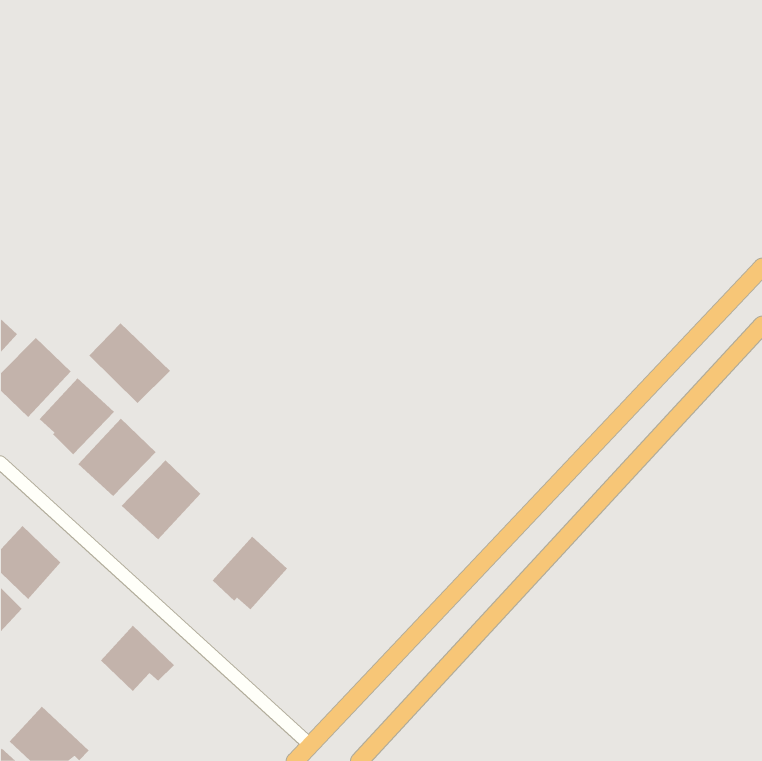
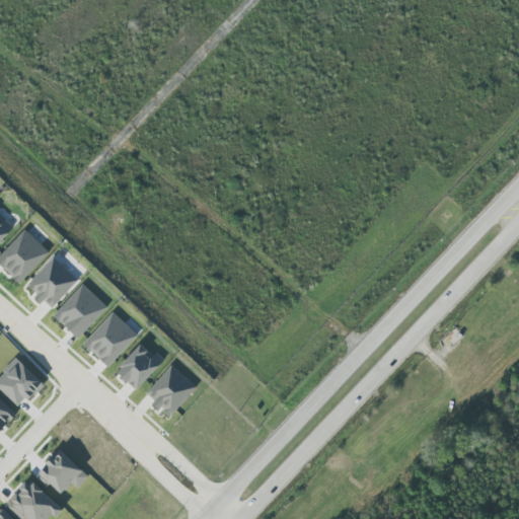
building: [89,323,171,404] -> none
building: none -> [115,344,163,390]
building: [100,625,175,692] -> [36,449,87,495]

